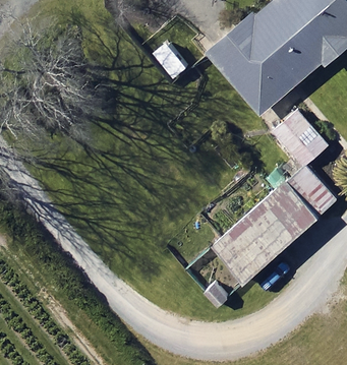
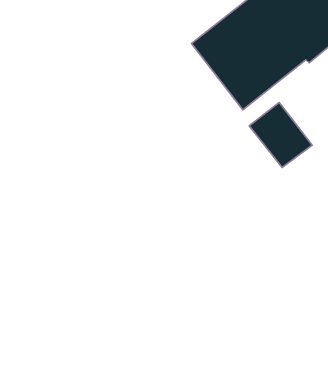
building: [211,168,334,284] -> none

